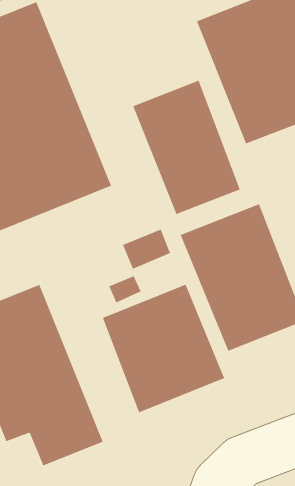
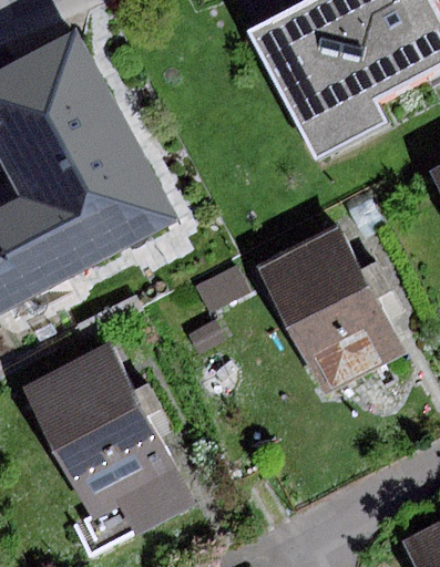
building: [133,80,241,215] -> none
building: [102,284,225,413] -> none

